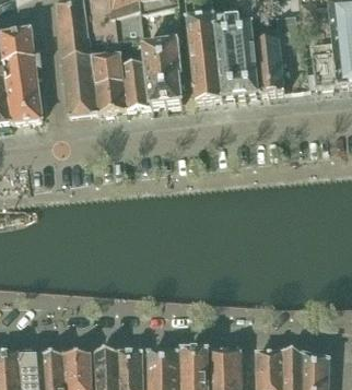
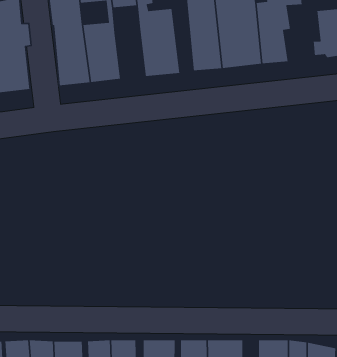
building: [120,58,149,105] -> none

